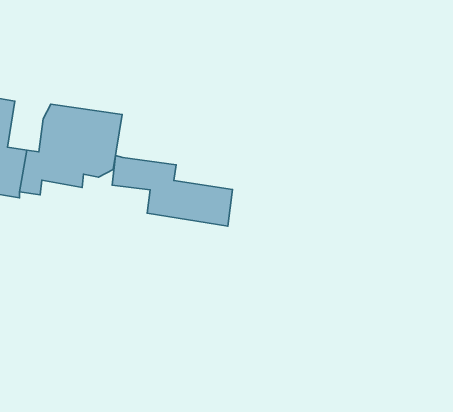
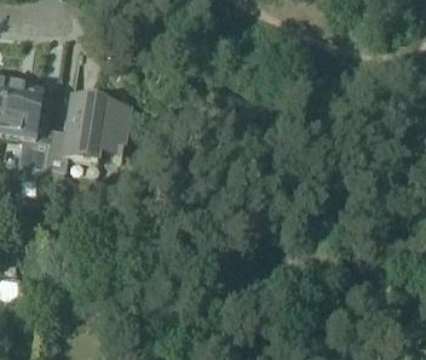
building: [112,156,232,226] -> none

